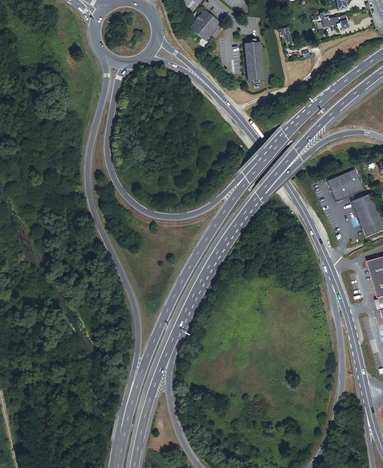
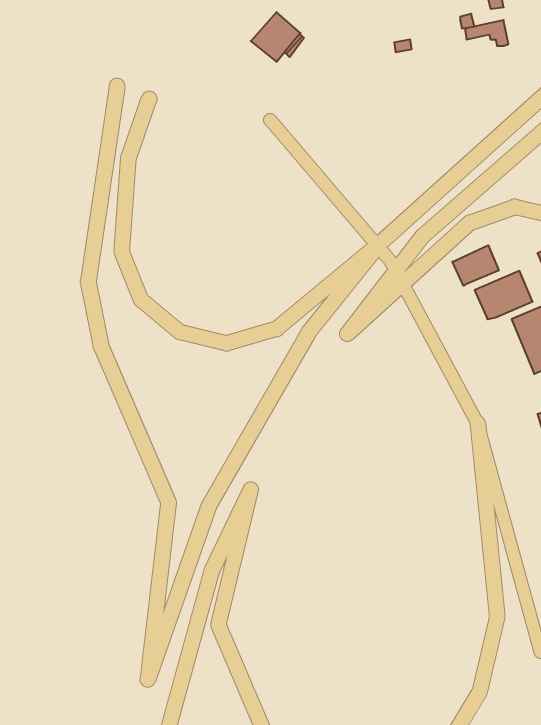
building: [246,42,263,81] -> none
building: none -> [452,245,499,286]

